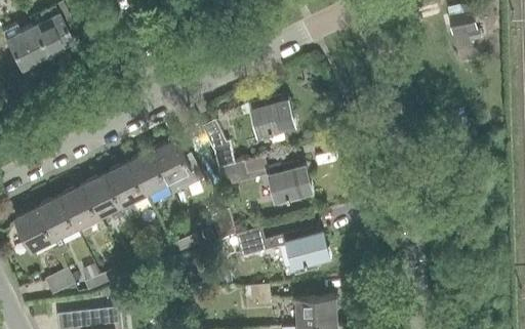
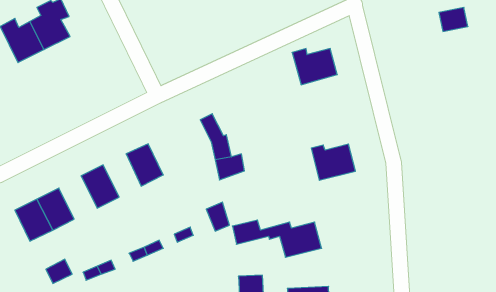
building: [248,100,294,137] -> [292,49,337,85]
building: [152,140,202,193] -> none
building: [106,163,148,222] -> none
building: [267,166,312,203] -> [311,144,355,180]
building: [60,186,99,230] -> none

